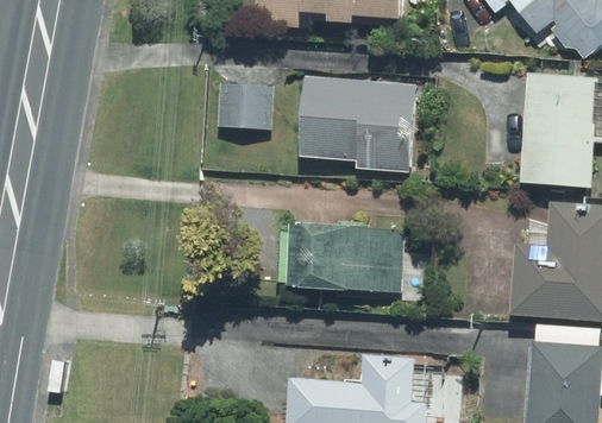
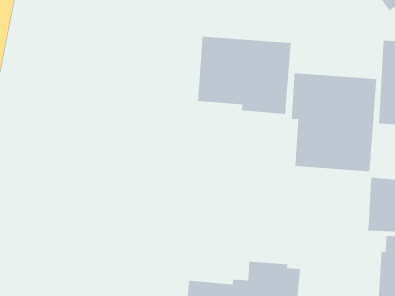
building: [213,83,271,130] -> none
building: none -> [291,73,377,172]
building: [281,225,405,293] -> none

